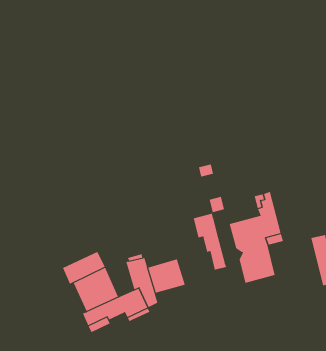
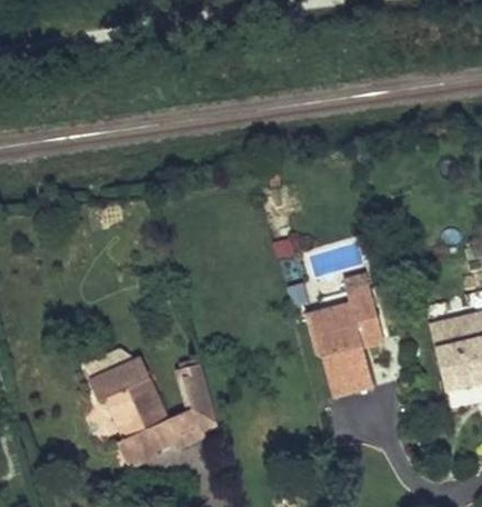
building: [193,213,227,271] -> none
building: [148,258,185,293] -> none

